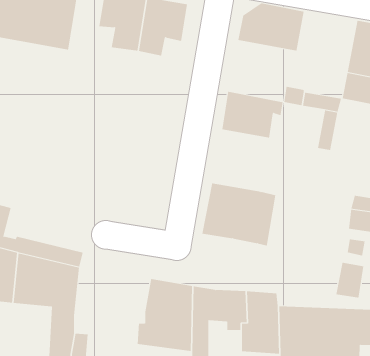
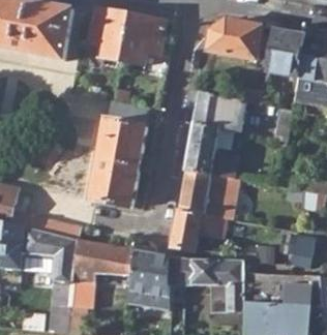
building: none -> [267,29,306,78]
building: none -> [91,118,146,207]
building: none -> [185,125,247,180]
building: none -> [170,212,224,249]
building: none -> [71,240,135,283]

